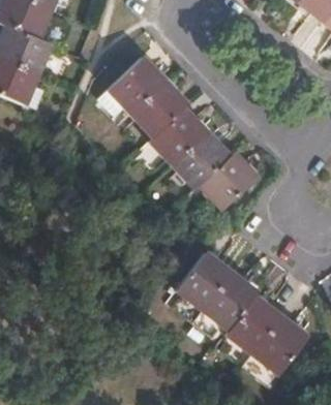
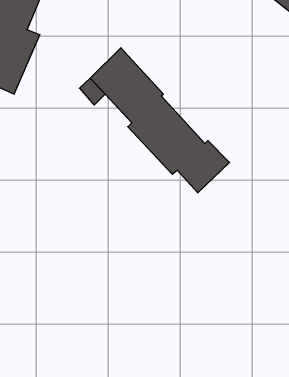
building: [178,251,308,373] -> none

